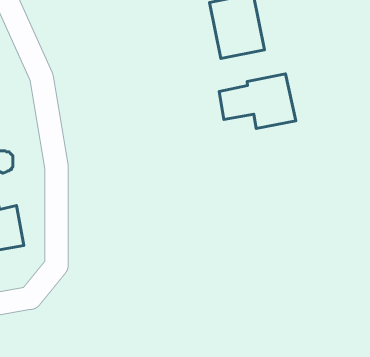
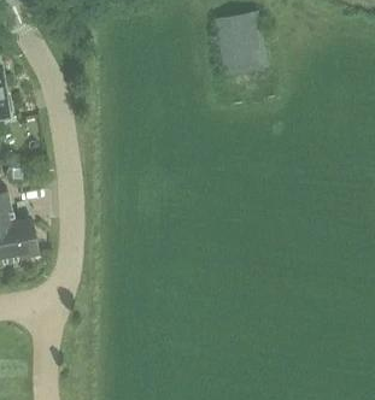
building: [219,74,296,129] -> none

